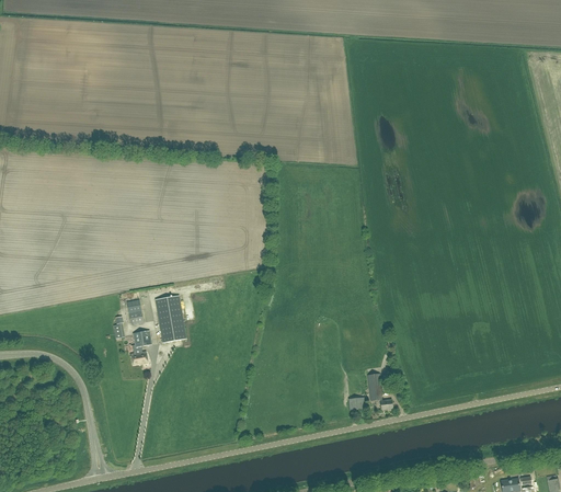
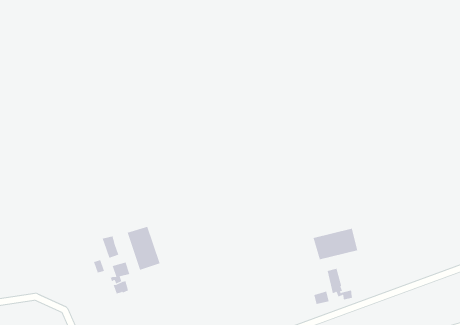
building: none -> [313,228,358,260]

